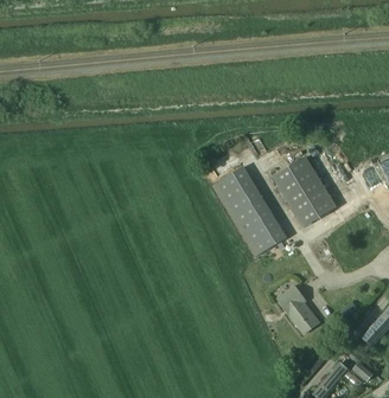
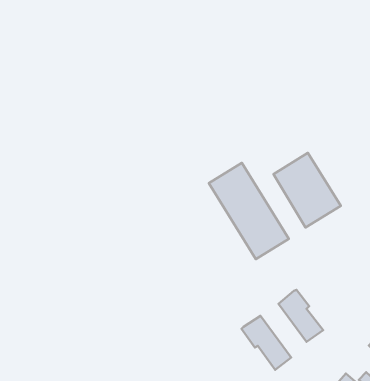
building: none -> [242,316,291,370]

